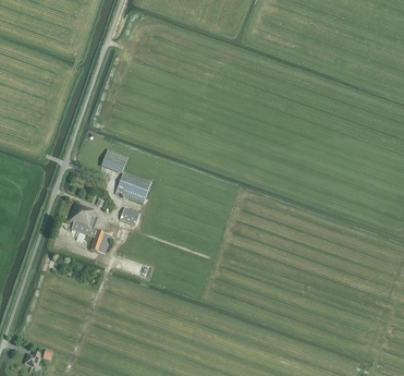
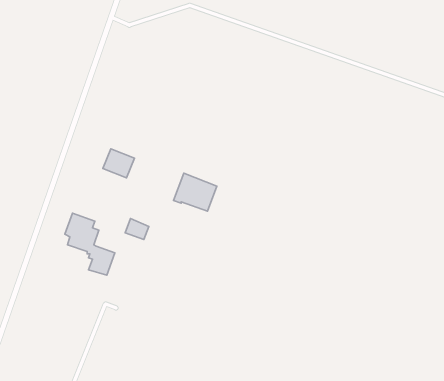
building: [115,171,151,203] -> [173,173,217,211]

